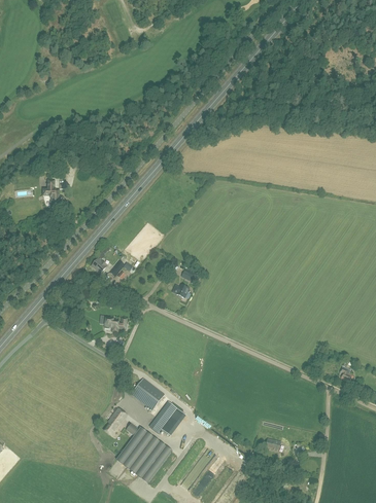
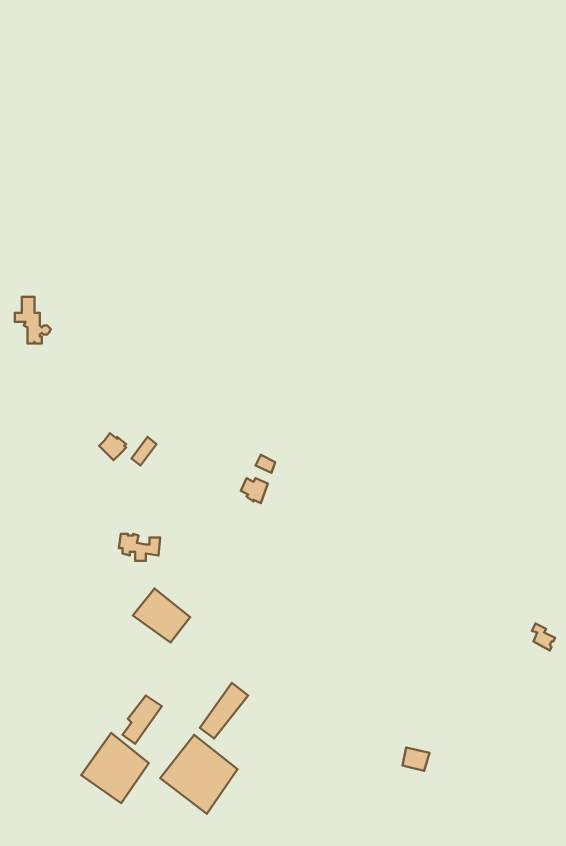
building: [131,379,164,409] -> [133,589,190,642]
building: none -> [81,733,149,803]

